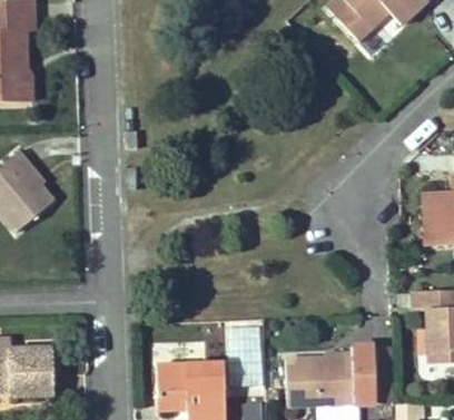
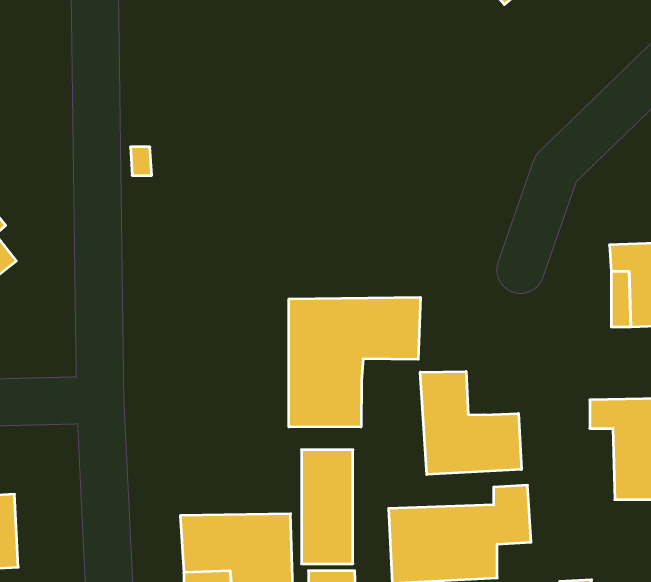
building: none -> [289,297,420,427]
building: none -> [420,371,521,475]

